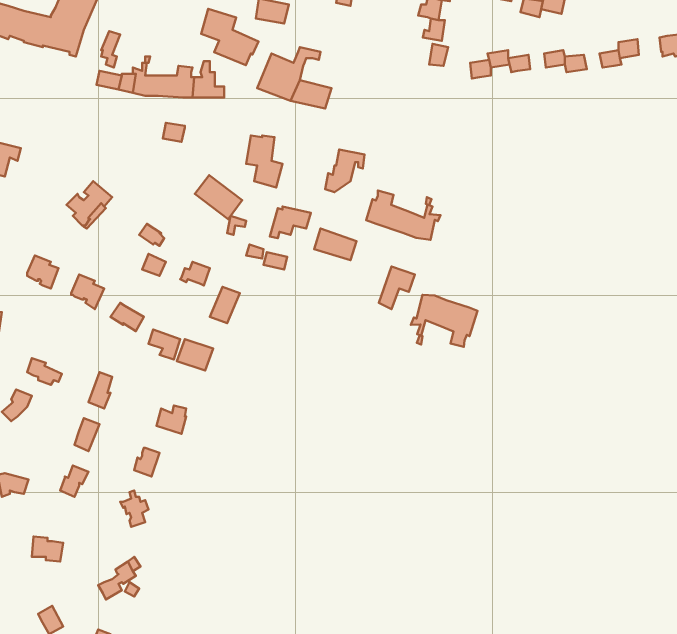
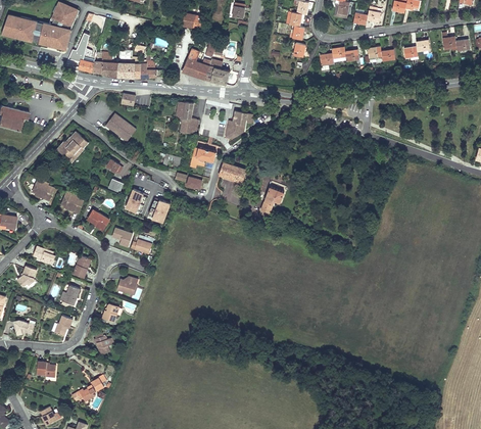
building: [201,9,259,65] -> none
building: [195,175,242,219] -> [105,112,136,141]
building: [366,190,440,240] -> none
building: [411,295,477,347] -> none

